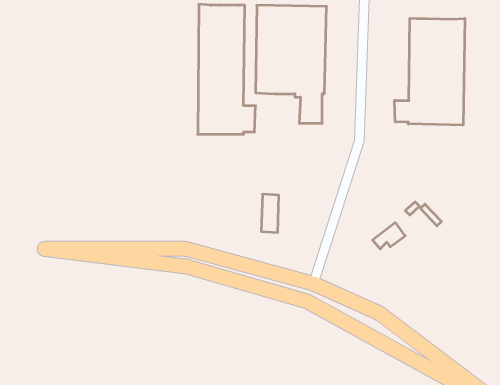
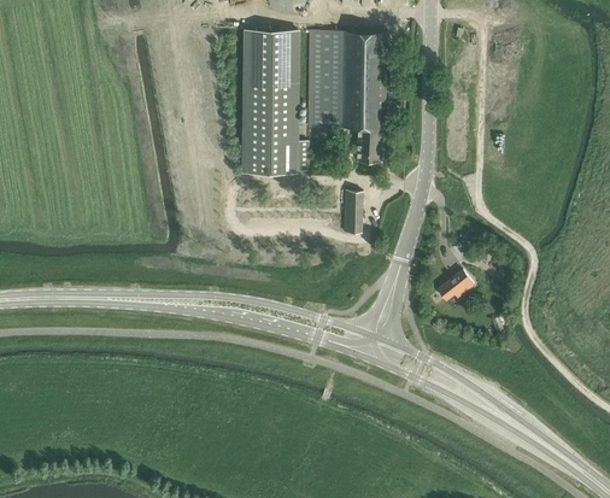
building: [395,18,465,125] -> none
building: [261,194,279,232] -> [342,192,362,234]

